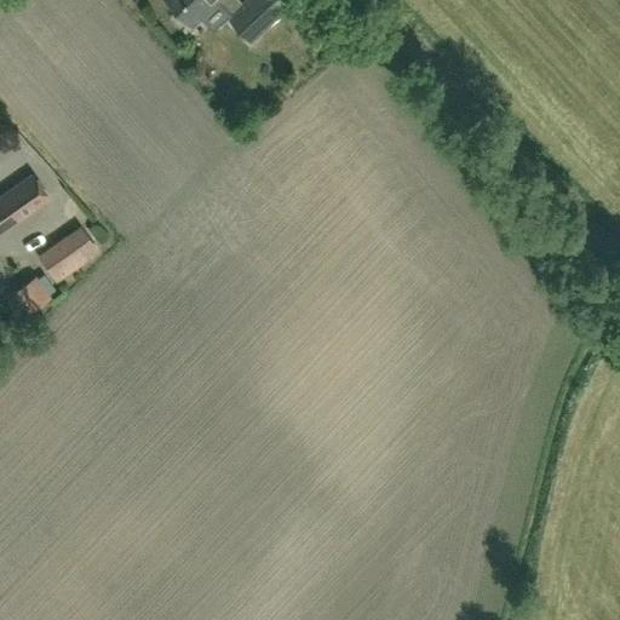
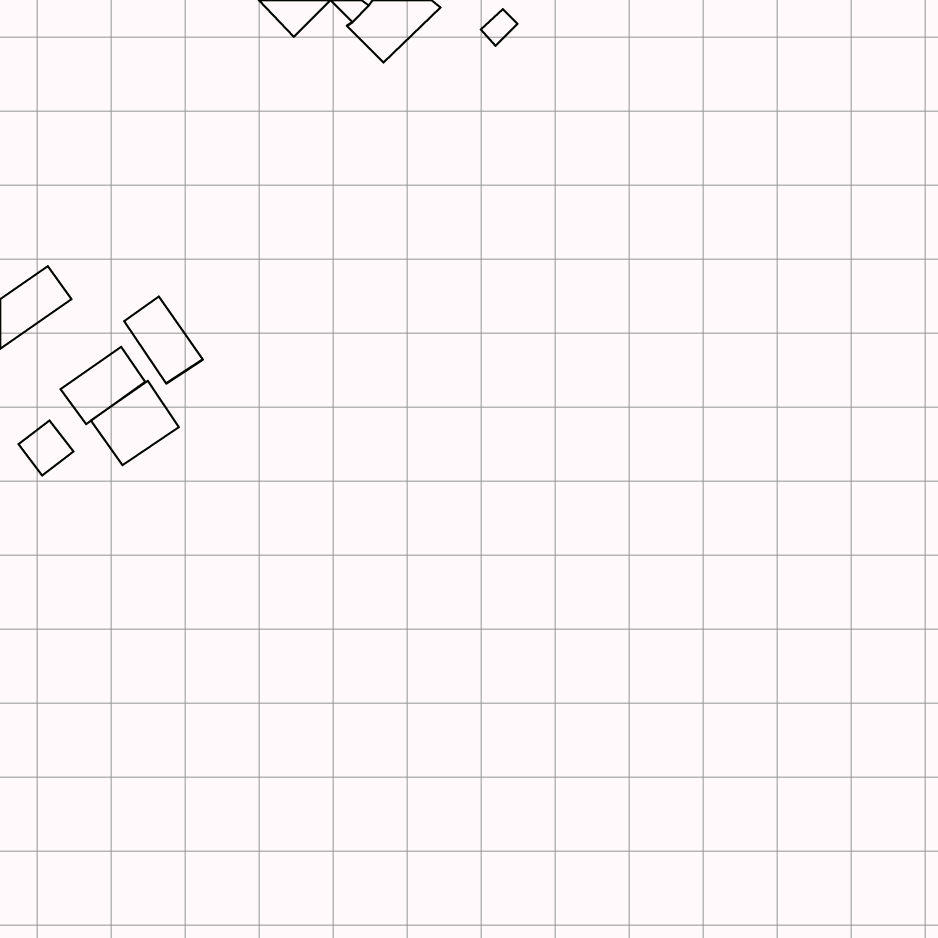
building: none -> [124,296,203,383]
building: none -> [91,381,179,465]

